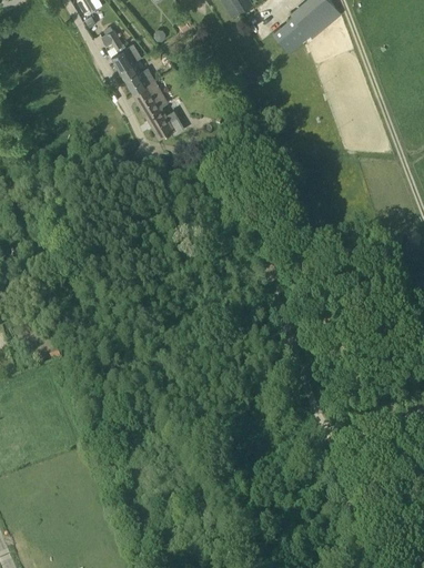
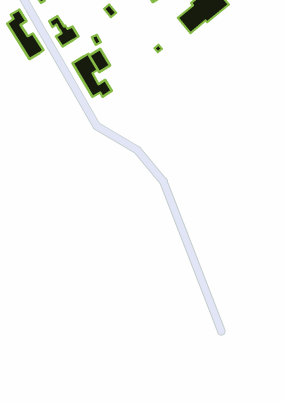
building: none -> [7,9,44,59]
building: [120,58,148,89] -> [89,49,110,72]

